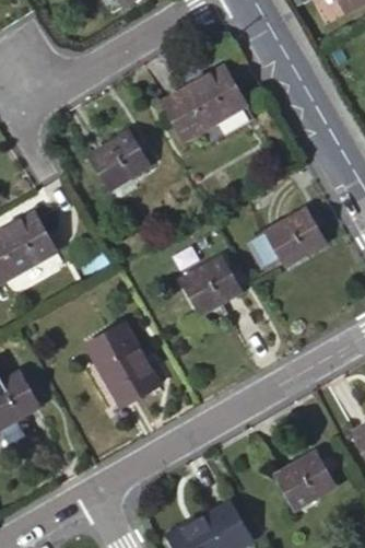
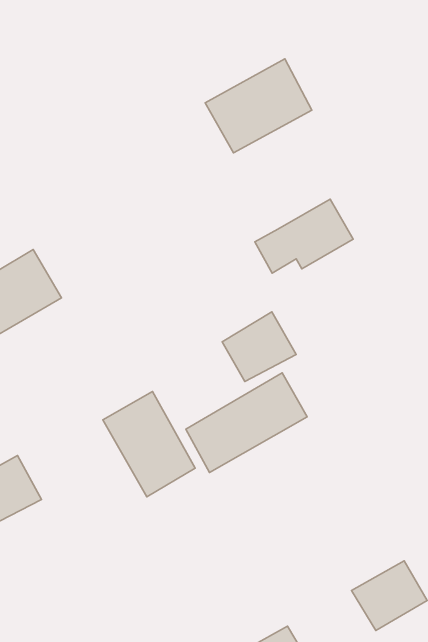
building: [90,132,146,186] -> none
building: [248,209,323,266] -> [255,199,353,273]
building: none -> [186,373,307,473]

